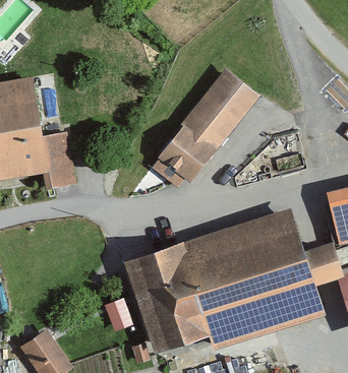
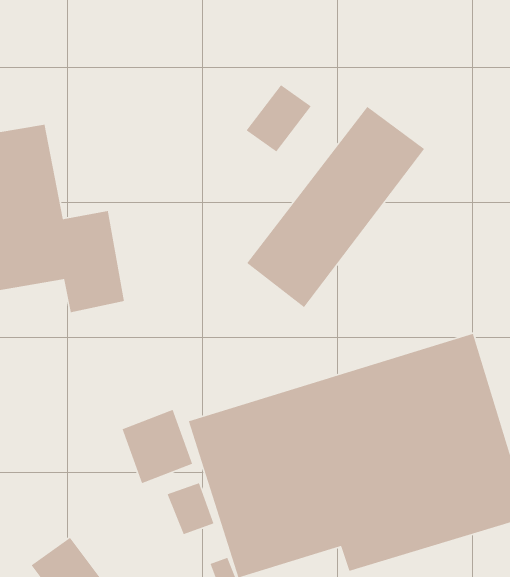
building: none -> [246,84,312,152]
building: none -> [122,409,193,484]

